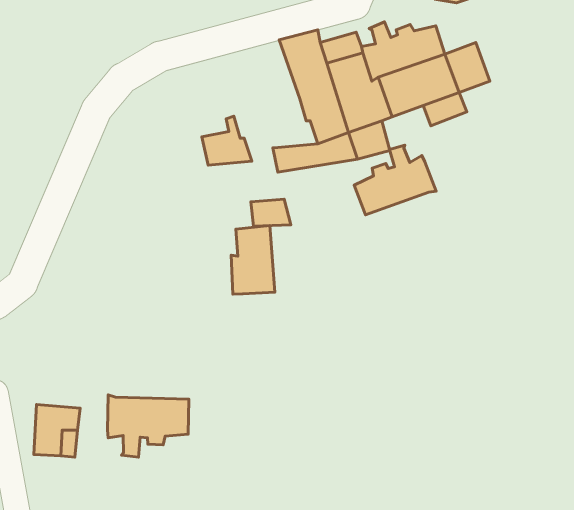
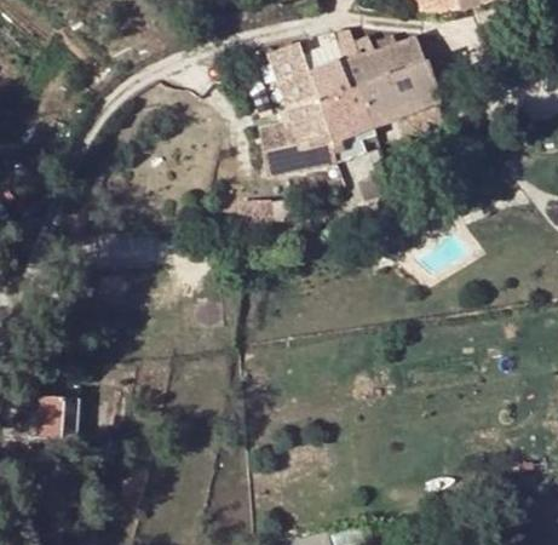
building: [202,116,252,165] -> [255,105,303,151]
building: [354,145,436,215] -> none
building: [231,226,275,294] -> none
building: [108,395,189,457] -> none

